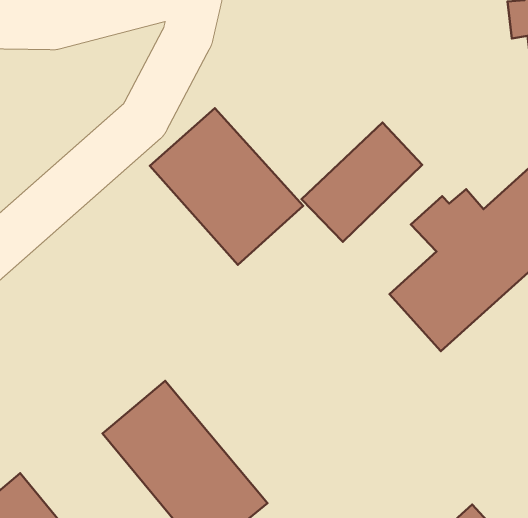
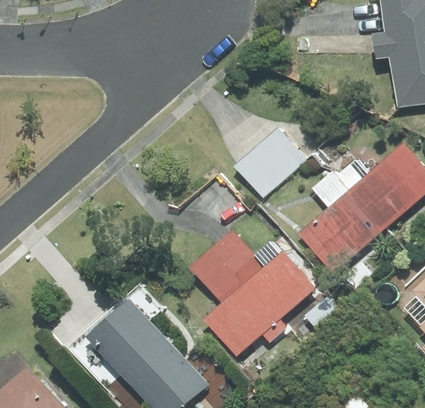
building: [150,108,303,265] -> none
building: none -> [188,230,316,358]

